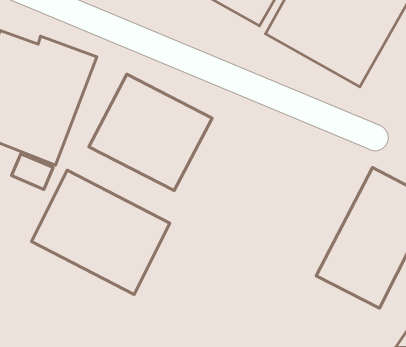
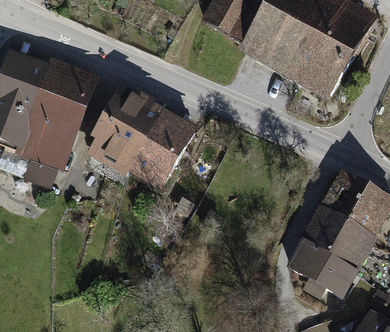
building: [32,170,170,294] -> none

